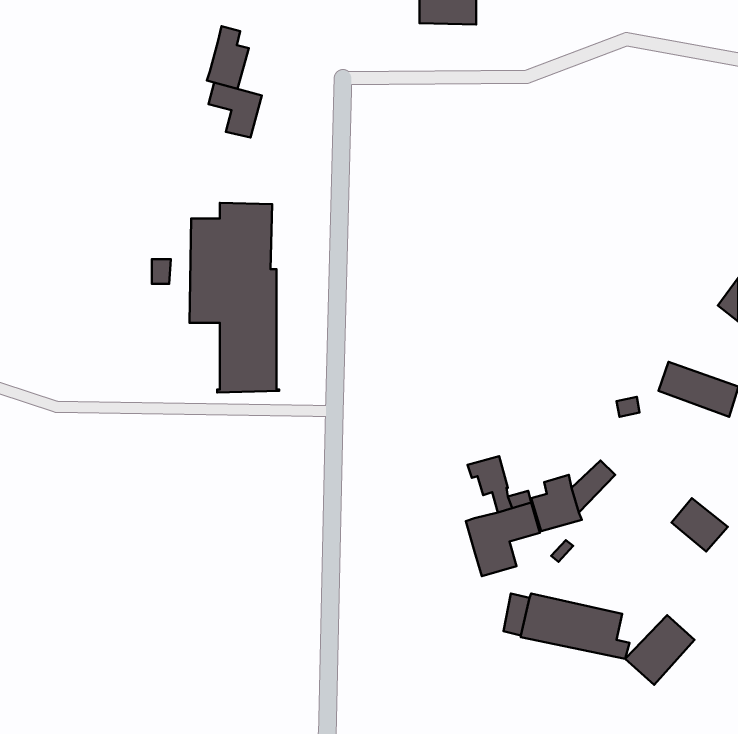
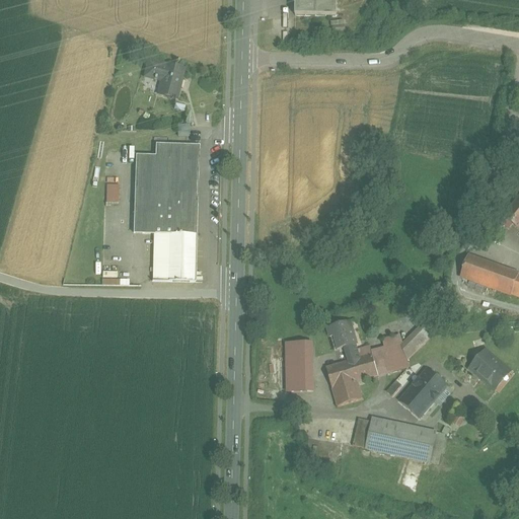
building: [207,26,249,89] -> none
building: none -> [287,341,307,388]
building: [625,615,695,685] -> [399,366,448,415]

